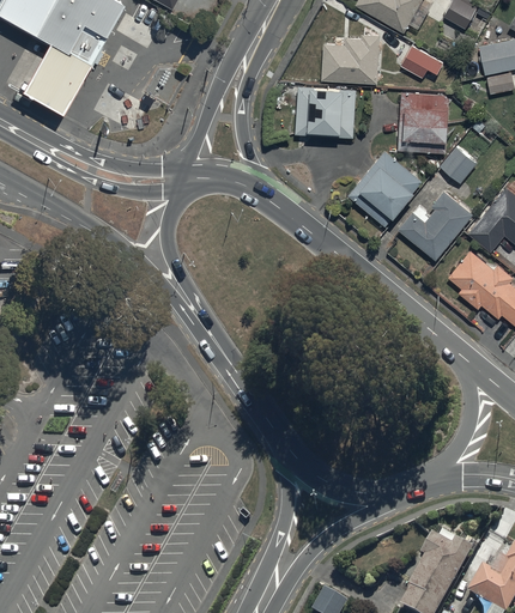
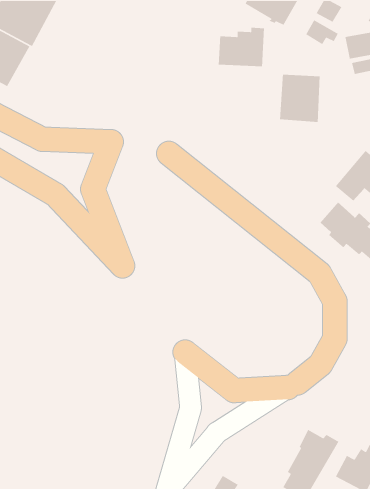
building: [401,45,443,78] -> [305,19,339,45]
building: [295,86,357,138] -> none
building: [440,146,477,183] -> none
building: [349,150,423,225] -> none
building: [398,192,472,260] -> none

